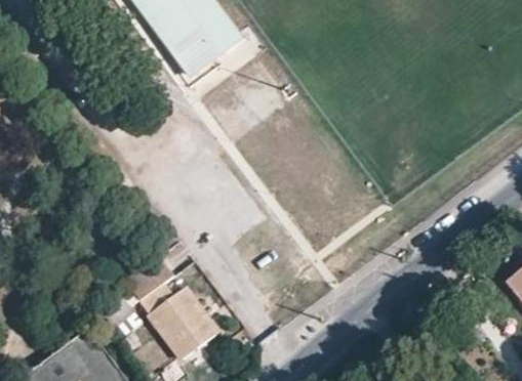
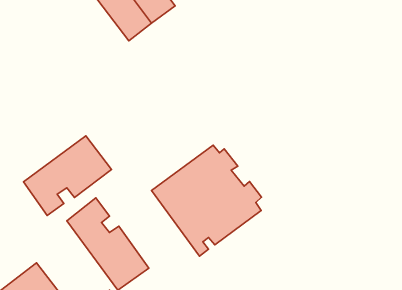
building: none -> [23,136,111,216]
building: none -> [152,145,261,256]

